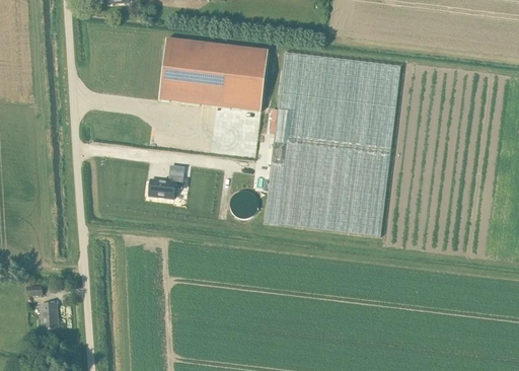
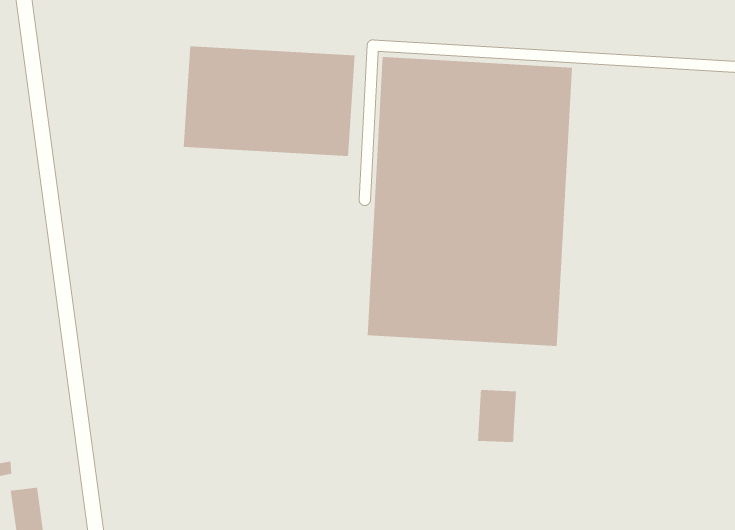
building: [148,172,182,197] -> none
building: none -> [478,389,516,443]

